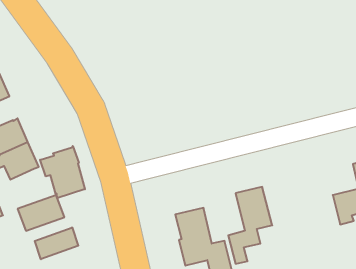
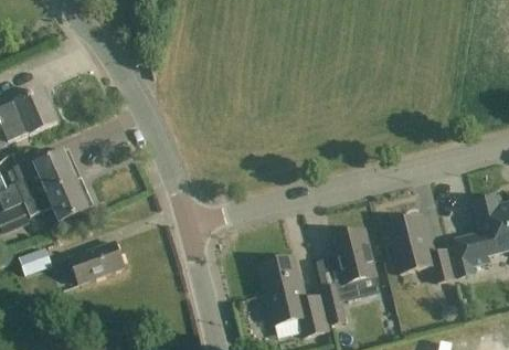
building: [40,146,85,198] -> none
building: none -> [388,214,452,280]
building: [35,227,78,259] -> none

